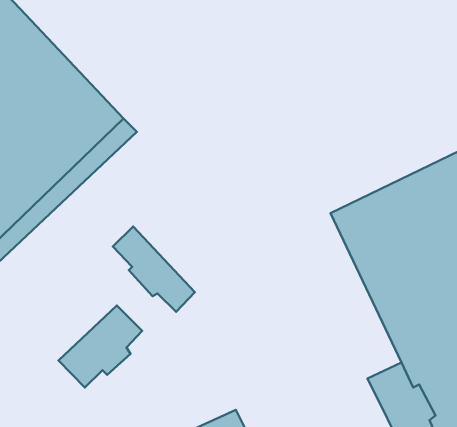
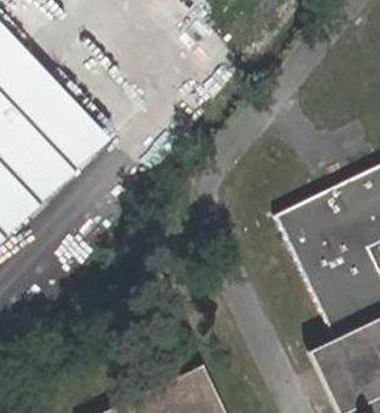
building: [113,227,195,312] -> none
building: [59,306,142,388] -> none

